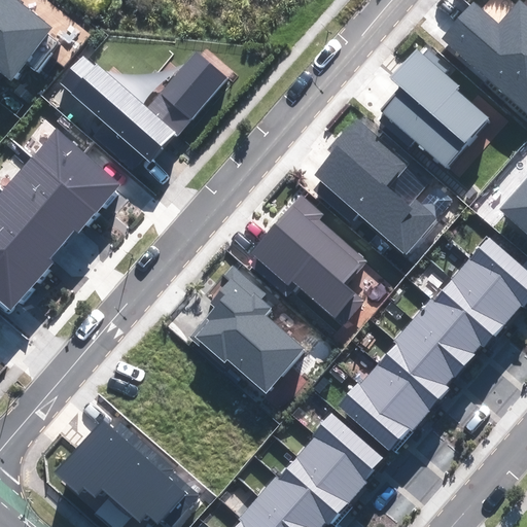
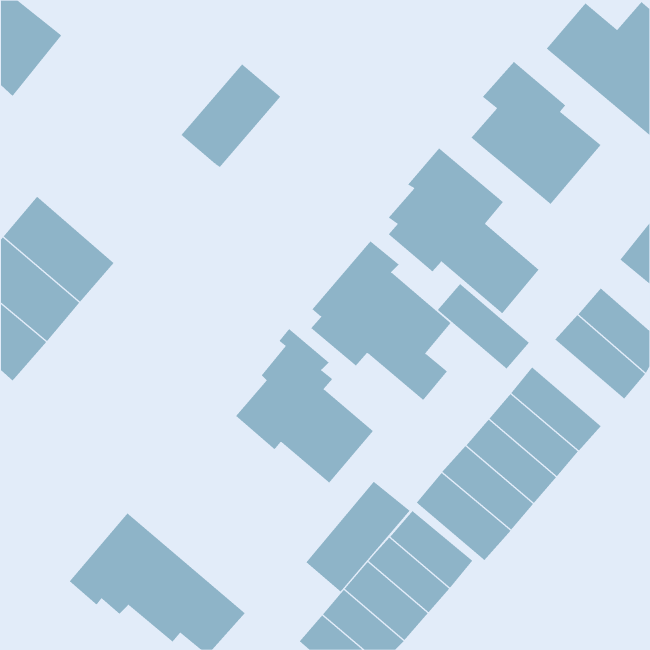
building: [58,56,174,163] -> none
building: [30,128,120,213] -> none
building: [430,275,505,345] -> [437,283,530,370]
building: none -> [306,481,410,592]

